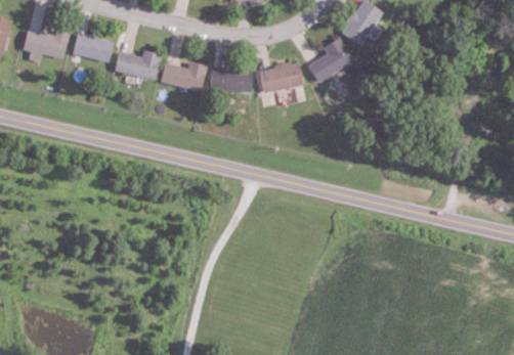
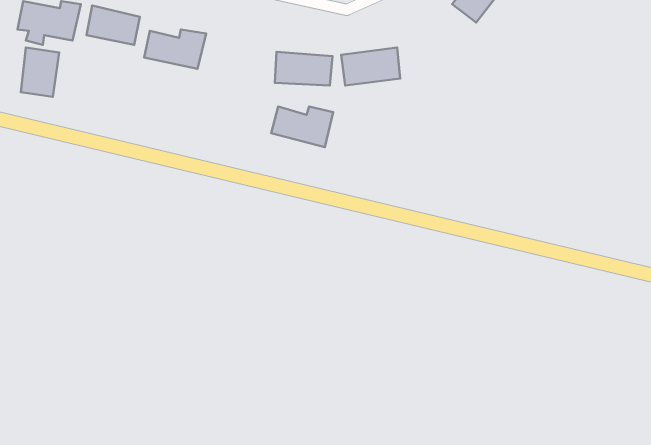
building: [308,39,352,83] -> none
building: [162,62,207,92] -> [271,106,333,147]
building: none -> [21,47,59,97]

